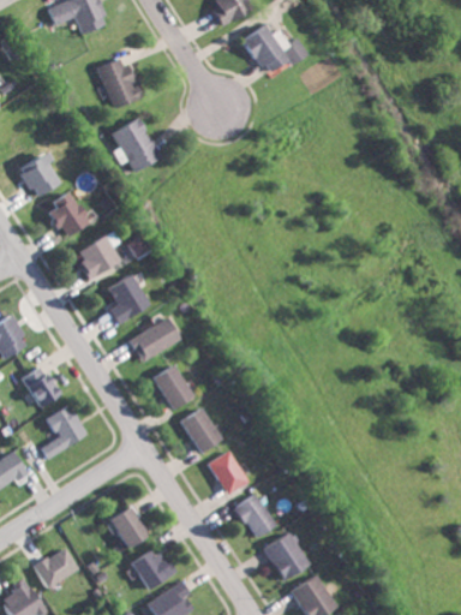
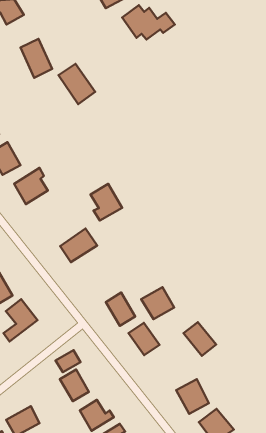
building: [113,118,160,172] -> [58,64,95,104]
building: [104,274,145,322] -> [90,184,122,221]
building: [152,364,191,410] -> none
building: none -> [141,287,174,319]
building: none -> [56,350,81,372]
building: [234,494,276,539] -> [184,322,216,356]

